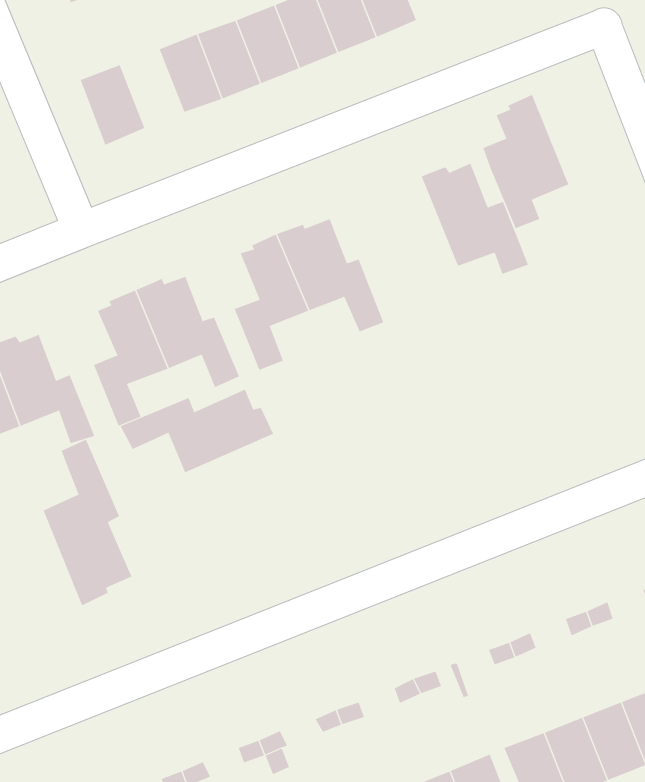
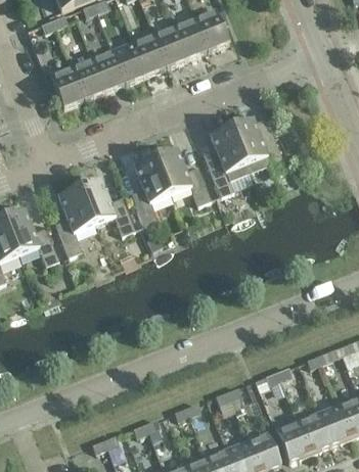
building: none -> [71,57,104,99]
building: [482,94,569,229] -> [204,125,250,196]
building: [120,389,274,473] -> none
building: [43,439,132,606] -> none

